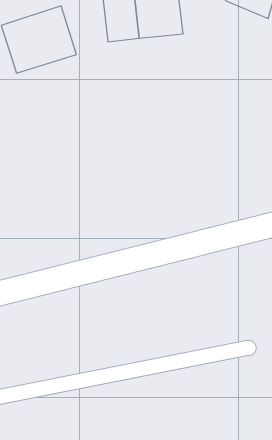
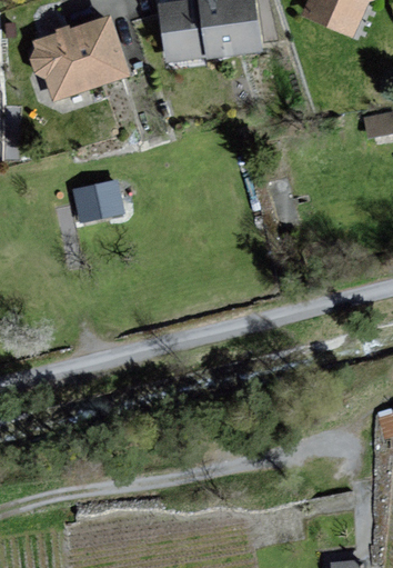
building: none -> [71,178,124,223]

